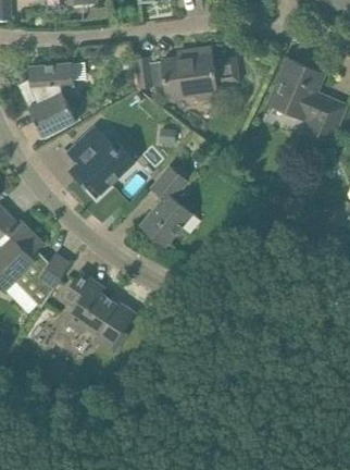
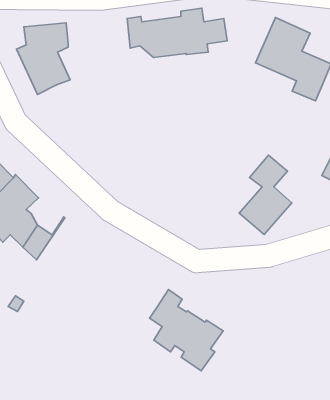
building: [67,126,136,199] -> none
building: [139,165,193,247] -> [239,155,292,234]
building: [60,270,136,354] -> [150,290,223,371]

